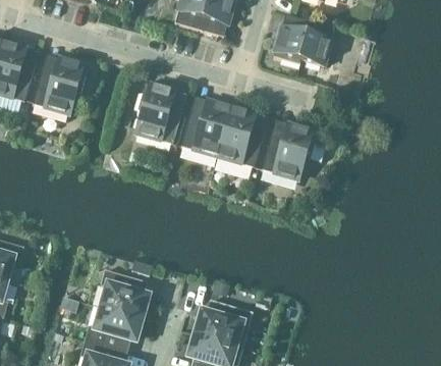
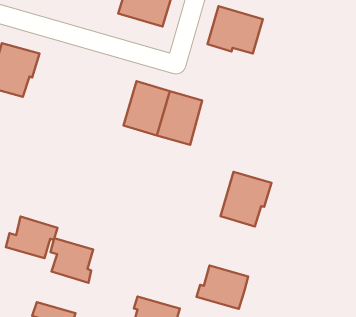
building: [134,83,185,143] -> none
building: [260,119,316,179] -> [221,172,271,226]
building: [195,299,252,347] -> [197,265,248,309]
building: [84,306,141,352] -> [6,217,58,258]

